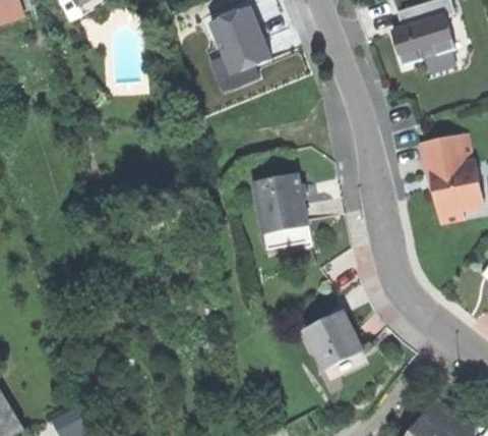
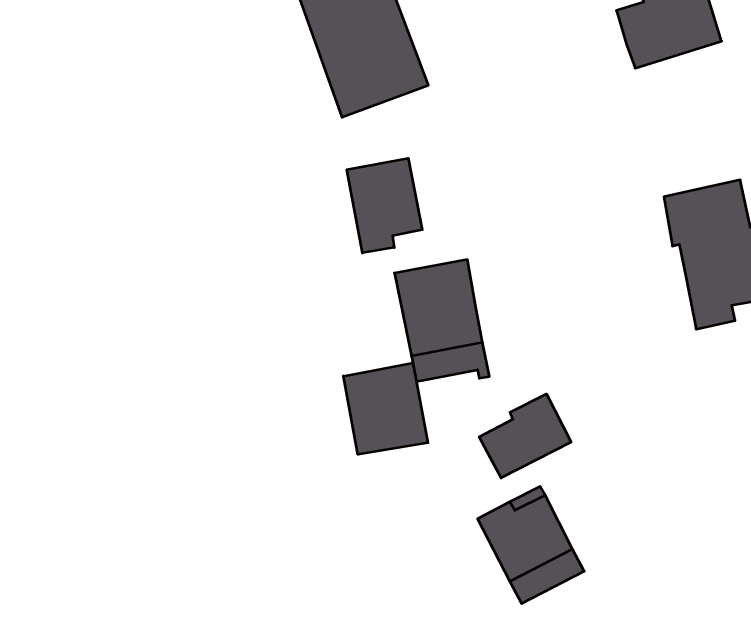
building: none -> [347,158,422,253]
building: none -> [343,363,428,454]
building: none -> [479,394,571,478]

